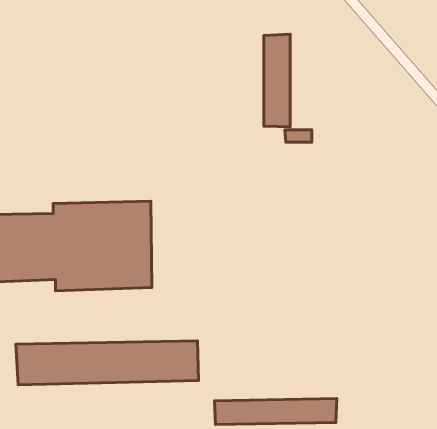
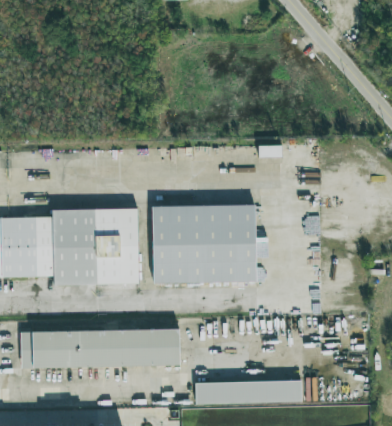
building: [264,34,290,127] -> none
building: none -> [151,203,255,282]

